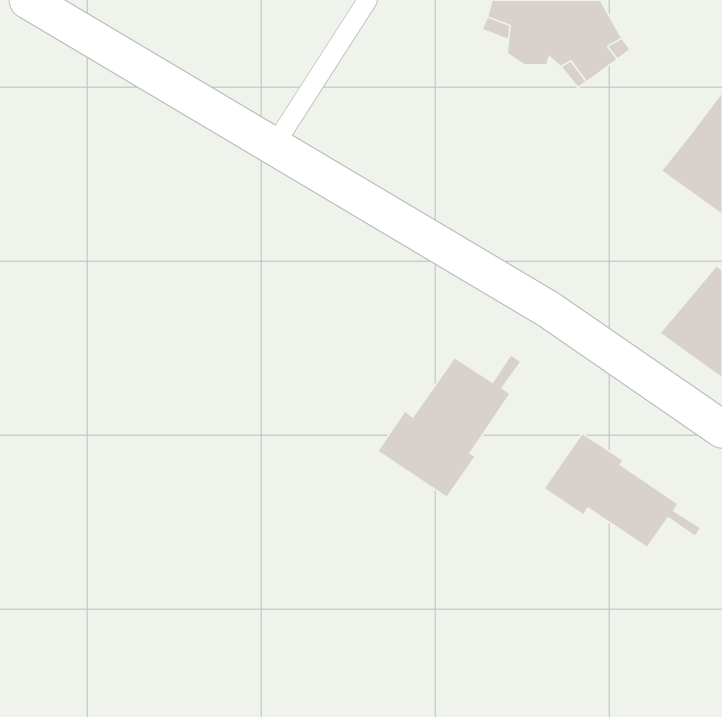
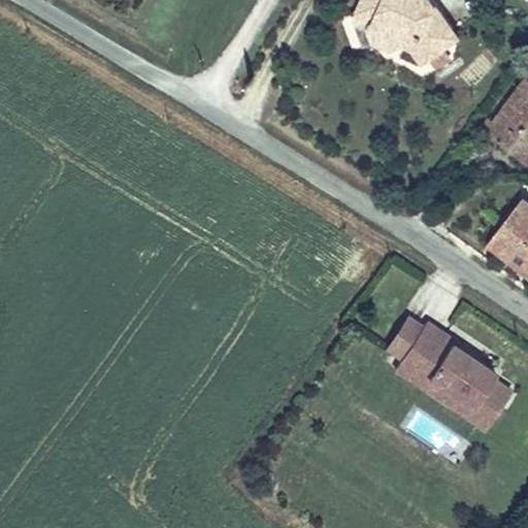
building: [377,355,521,497] -> none
building: none -> [394,360,507,426]

